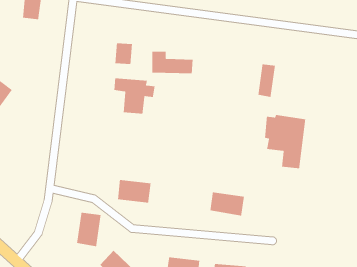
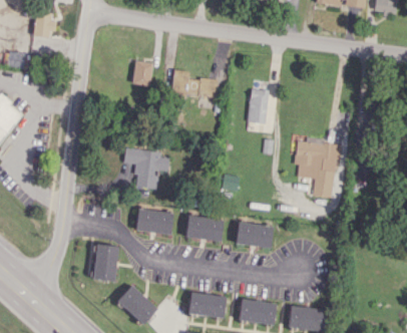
building: [257,63,276,98] -> [248,87,268,124]
building: [113,77,155,115] -> [124,148,169,189]
building: none -> [185,215,224,242]

